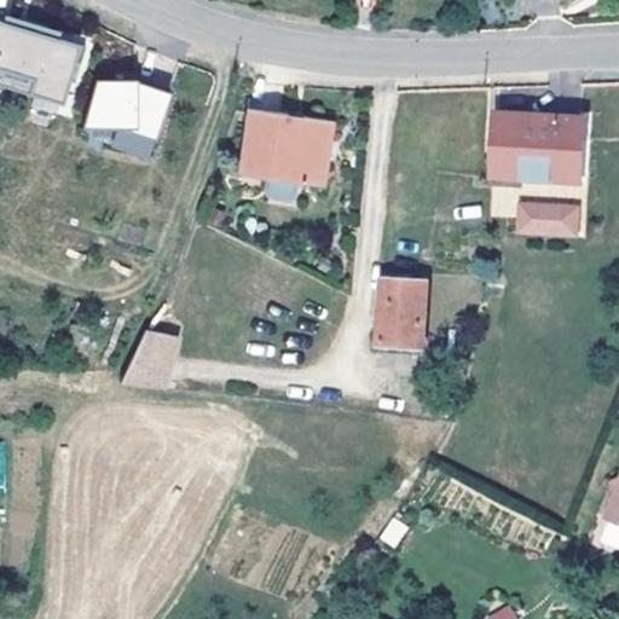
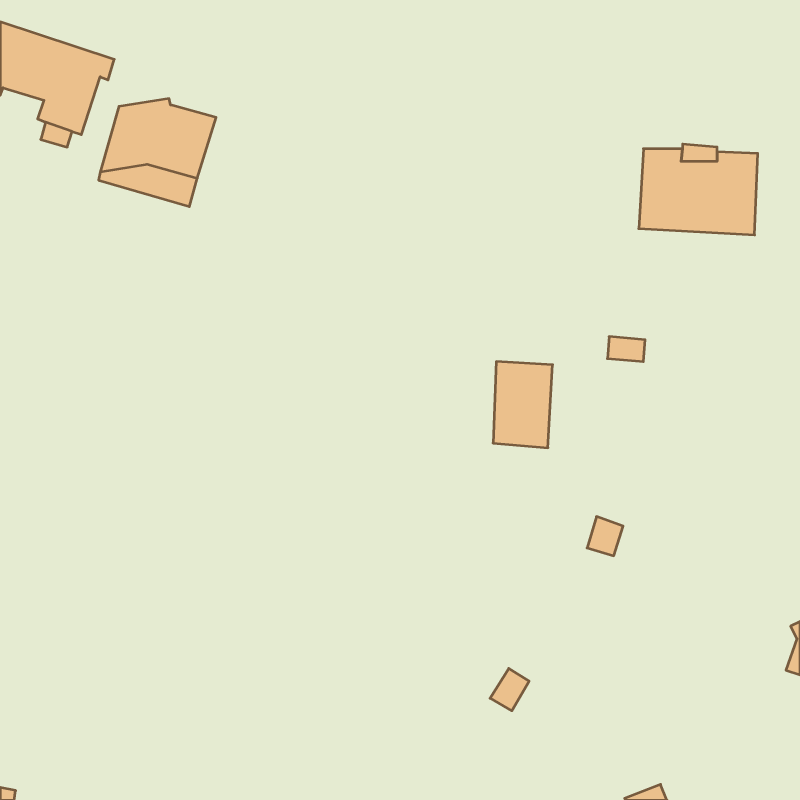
building: [237,108,334,186] -> none
building: [522,206,579,233] -> none
building: [118,329,177,387] -> none

